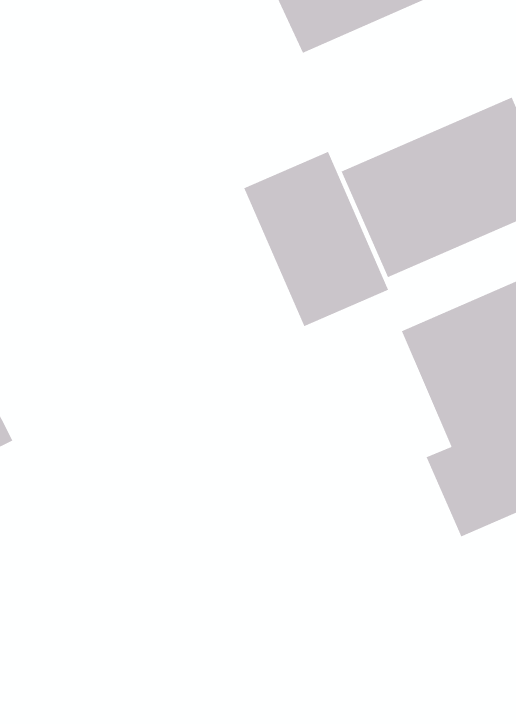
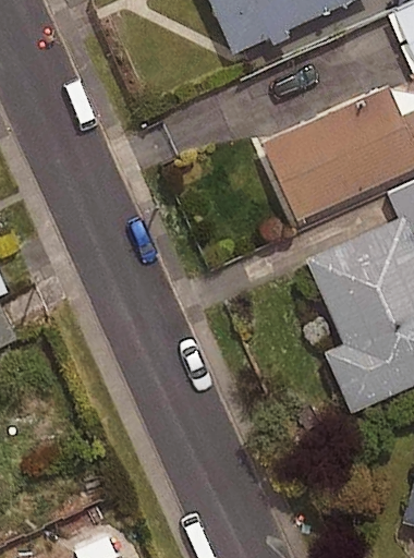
building: [243,151,389,327] -> none

